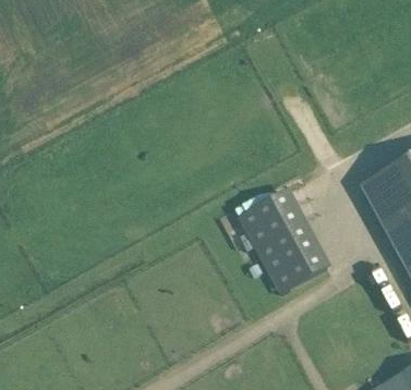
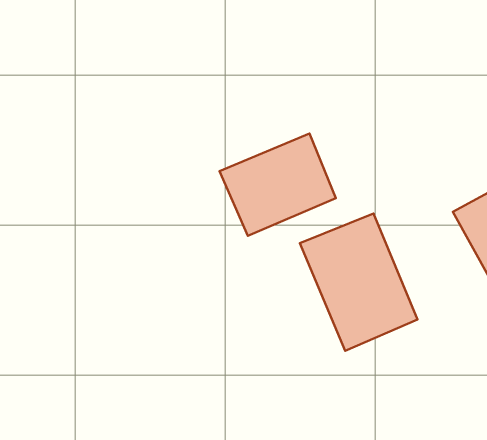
building: none -> [220,134,336,236]

